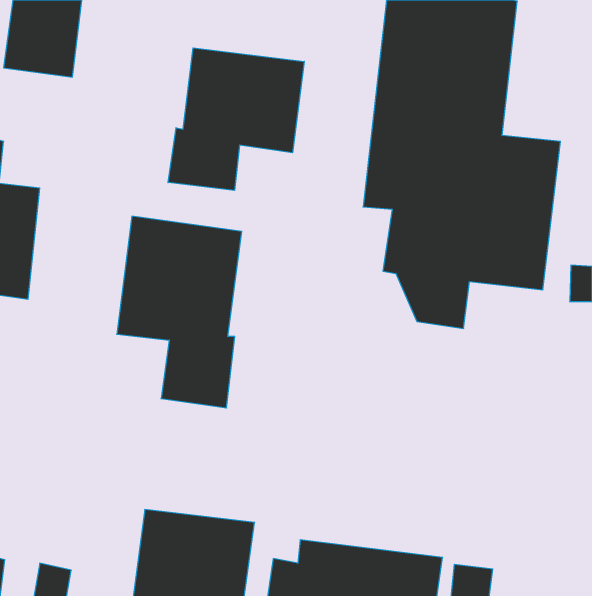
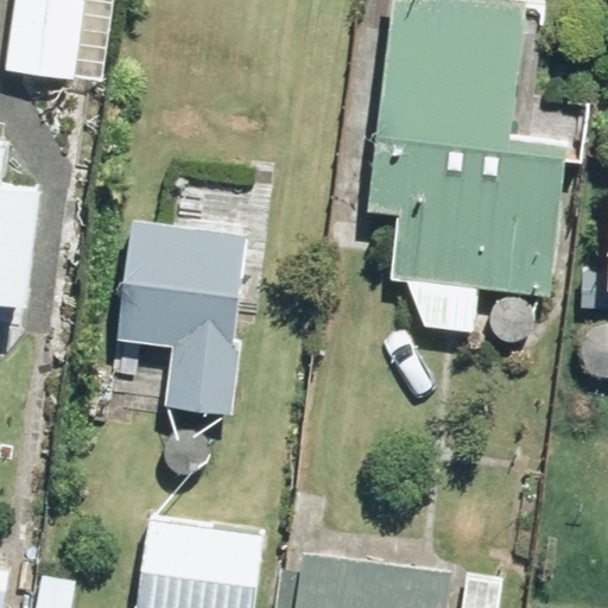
building: [168,48,304,190] -> none

